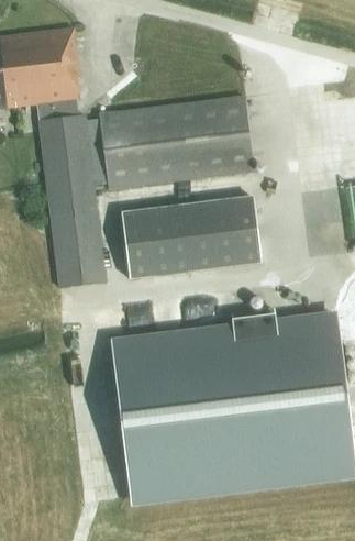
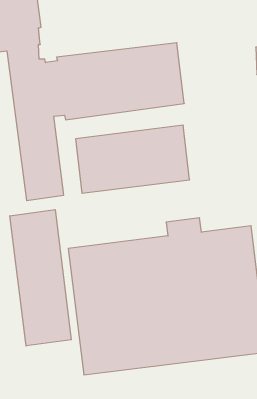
building: none -> [10,210,71,346]

